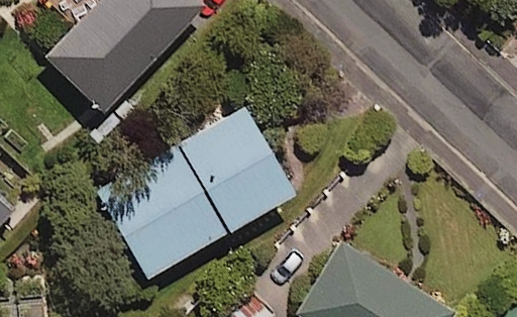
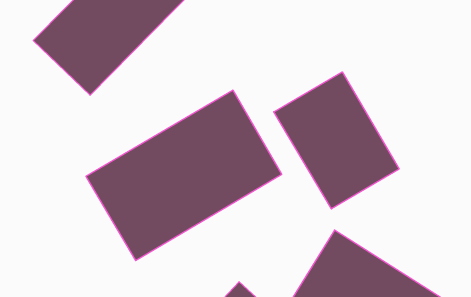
building: none -> [274,72,399,209]

